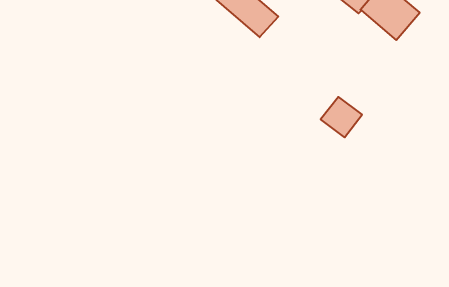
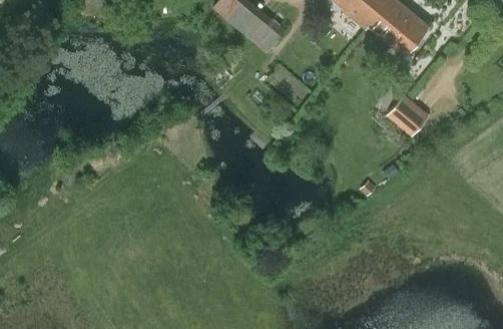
building: [321,97,362,137] -> [387,94,429,135]

